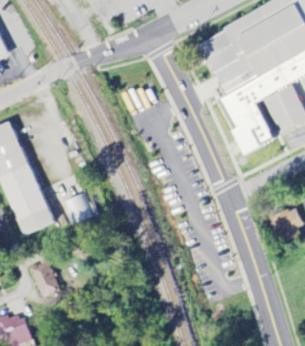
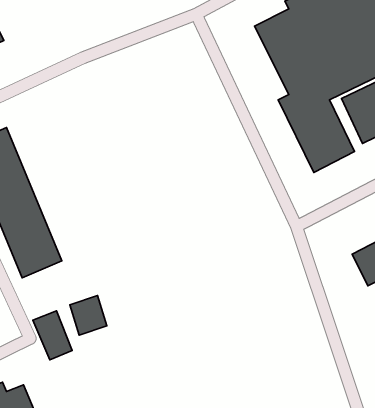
building: [65,193,93,223] -> [70,296,107,335]

